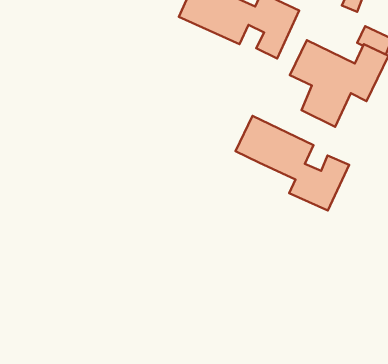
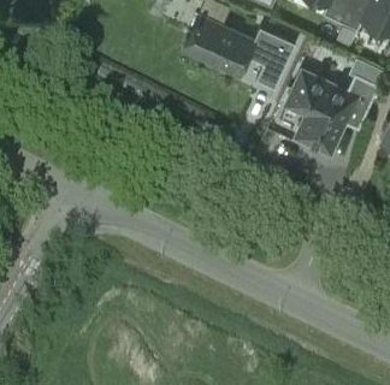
building: [236,116,349,211] -> none

